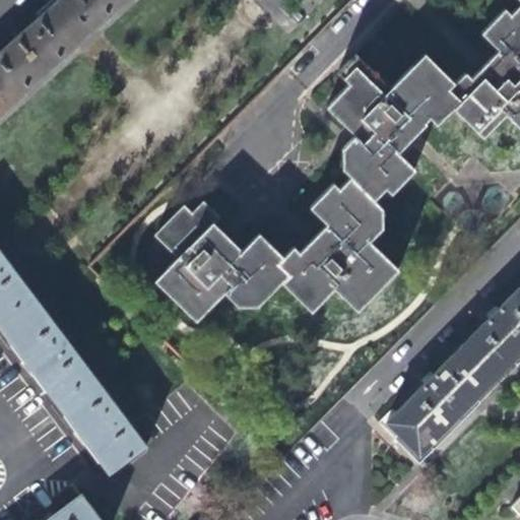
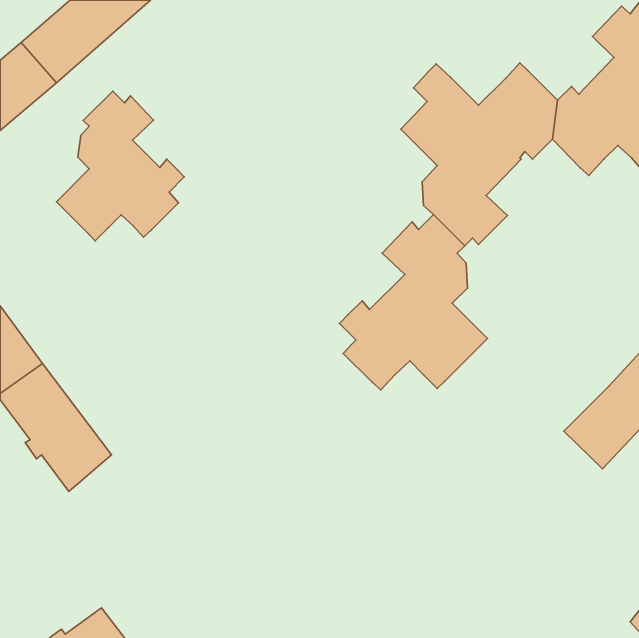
building: none -> [56,91,184,241]
building: [153,203,289,325] -> none
building: [386,351,490,454] -> none
building: [57,371,147,473] -> none

